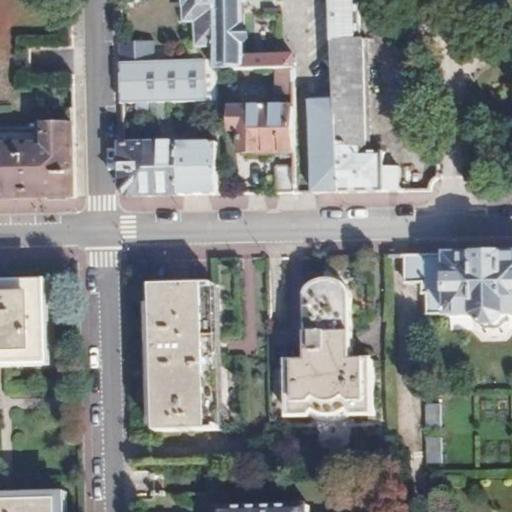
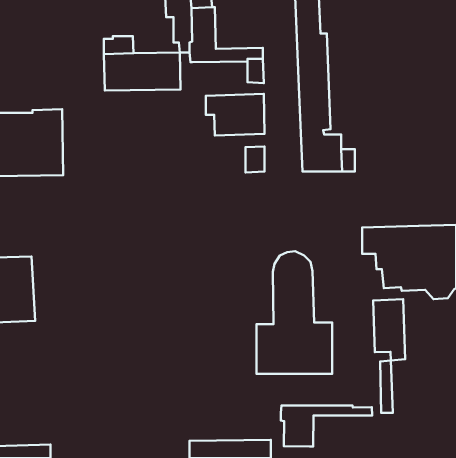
building: [307,96,335,190] -> none
building: [117,141,216,192] -> none
building: [150,281,214,428] -> none
building: none -> [373,299,405,360]
building: none -> [281,405,372,447]

